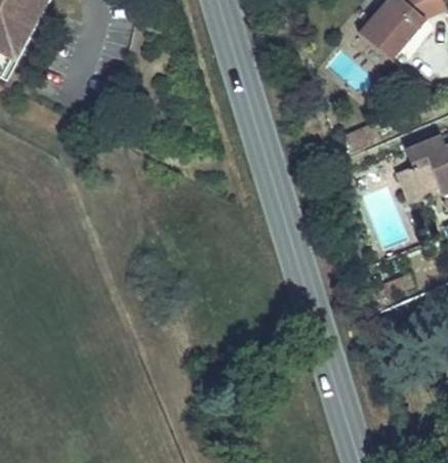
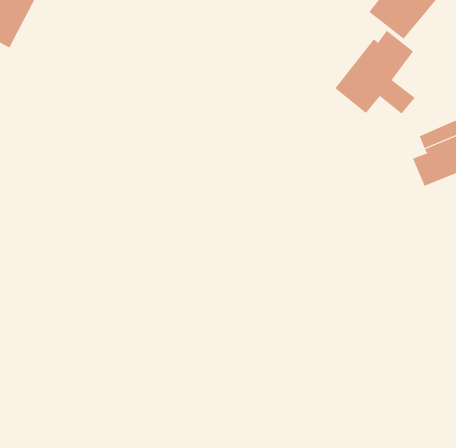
building: none -> [335,30,415,114]

